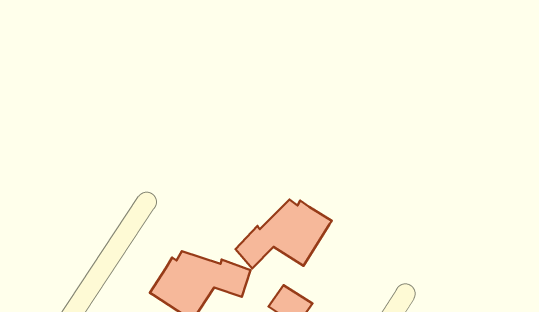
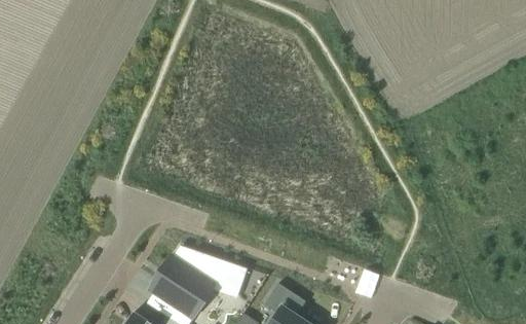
building: [236,199,332,269] -> none

